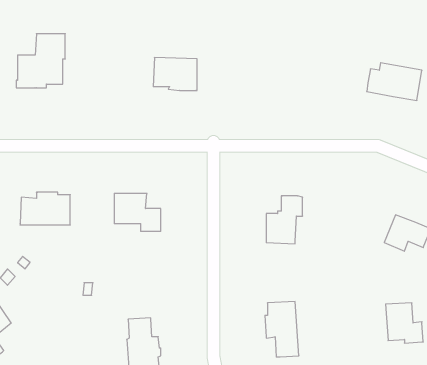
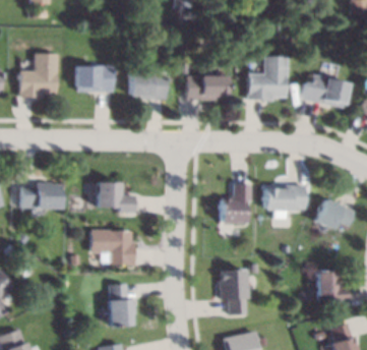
building: none -> [247,55,287,101]
building: none -> [76,65,112,92]
building: none -> [187,74,227,99]
building: none -> [264,185,306,219]
building: none -> [91,230,134,265]

